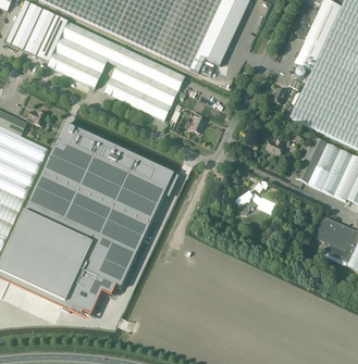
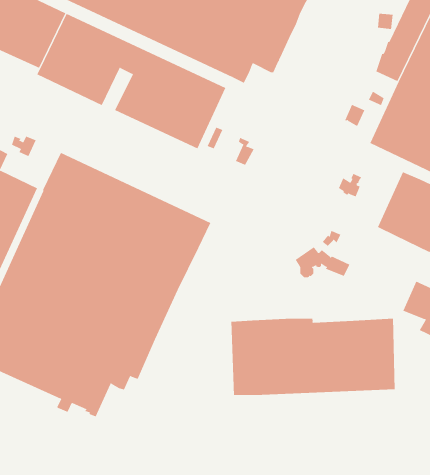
building: none -> [231,318,395,396]

